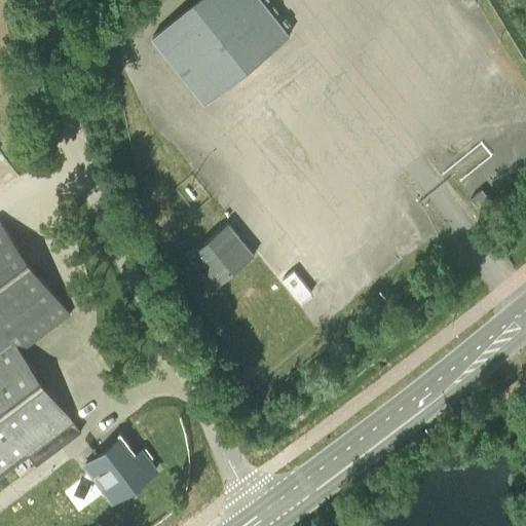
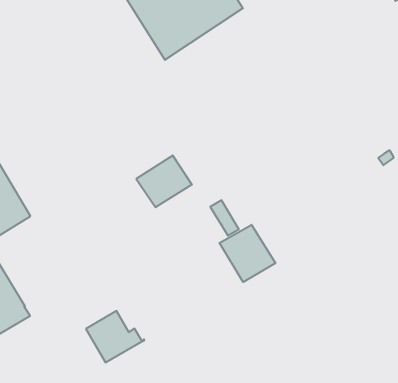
building: none -> [219,225,275,282]
building: [87,436,158,498] -> [86,311,144,362]

